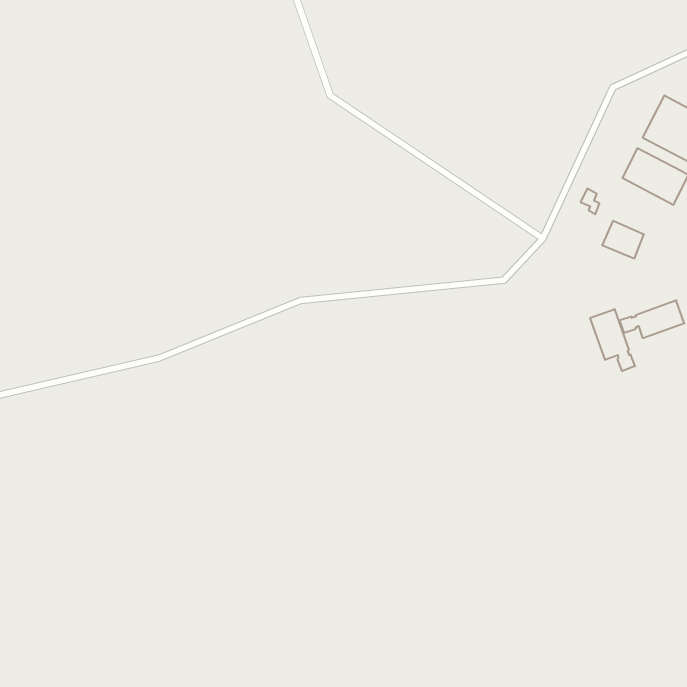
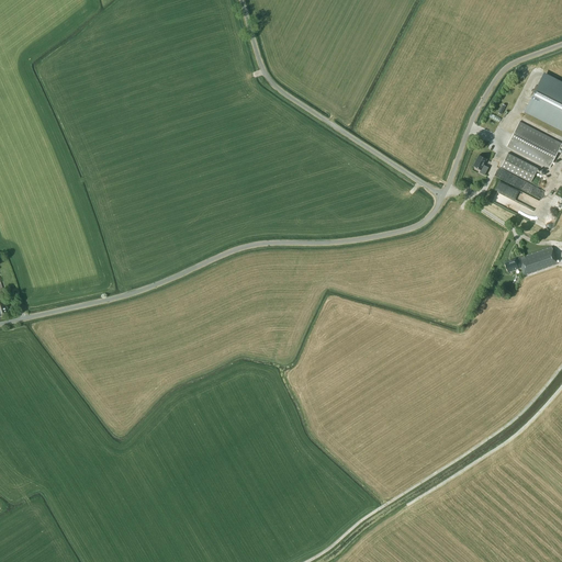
building: none -> [502,151,539,181]
building: [590,309,635,371] -> none

